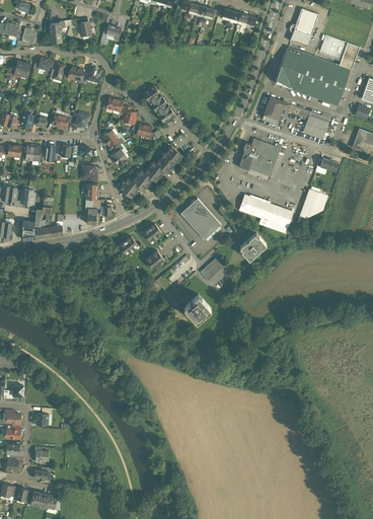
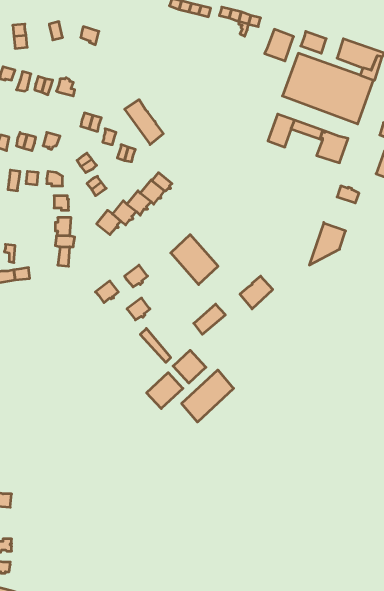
building: [294,8,318,34] -> [265,29,294,61]
building: [239,138,282,176] -> none
building: [239,195,293,233] -> none
building: none -> [182,370,234,422]
building: none -> [147,373,183,409]

